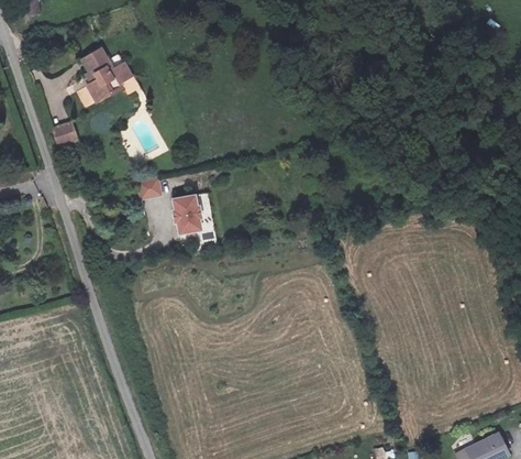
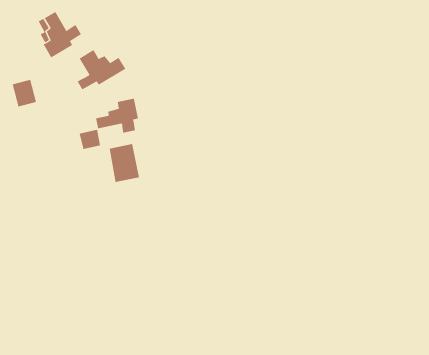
building: none -> [77,49,126,90]
building: none -> [95,98,138,133]

